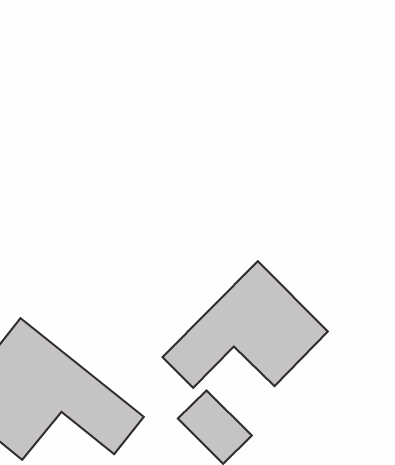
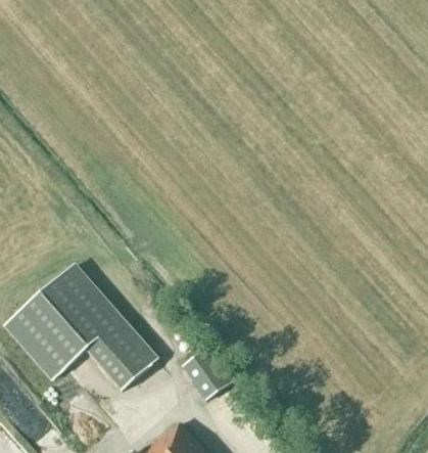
building: [162,261,328,388] -> none

